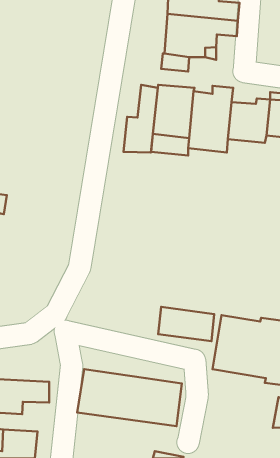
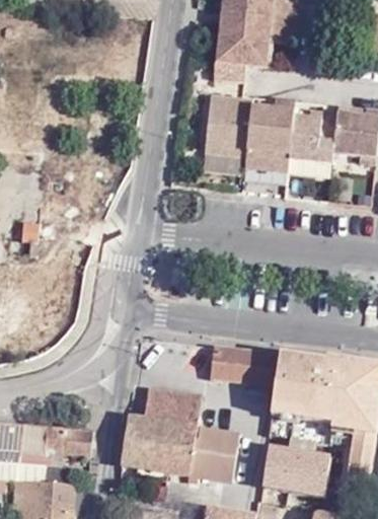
building: [124,85,158,152] -> none
building: none -> [143,387,201,426]
building: none -> [259,440,330,495]

